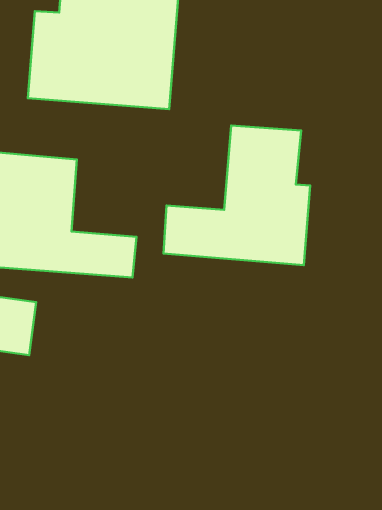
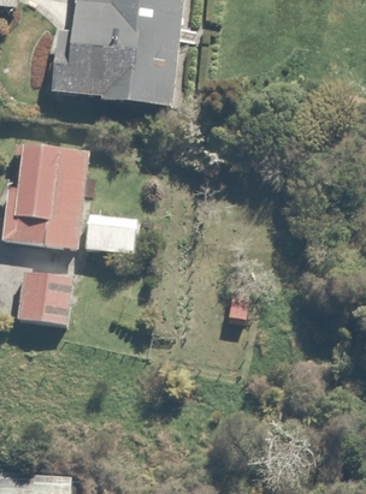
building: [163,125,310,265] -> none

